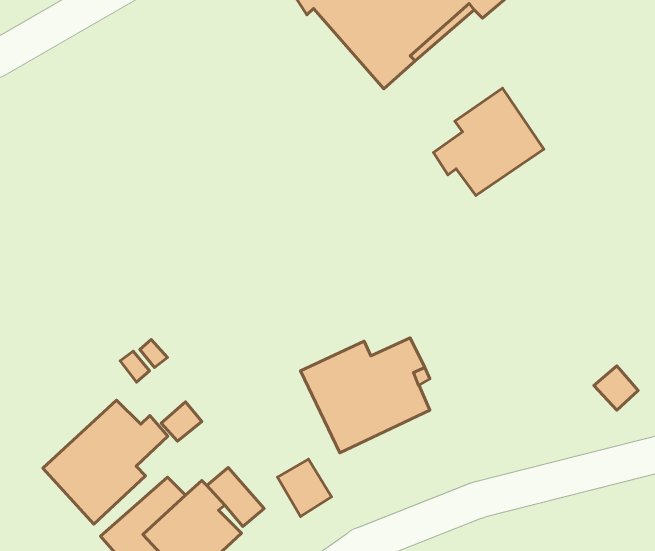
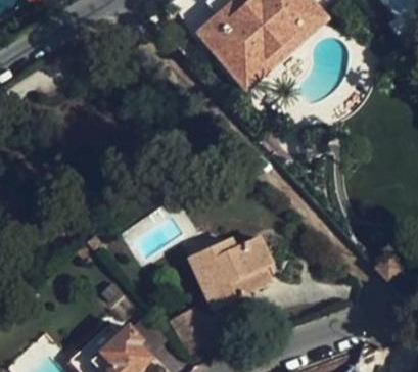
building: [433,88,544,196] -> none
building: [43,400,168,524] -> none

